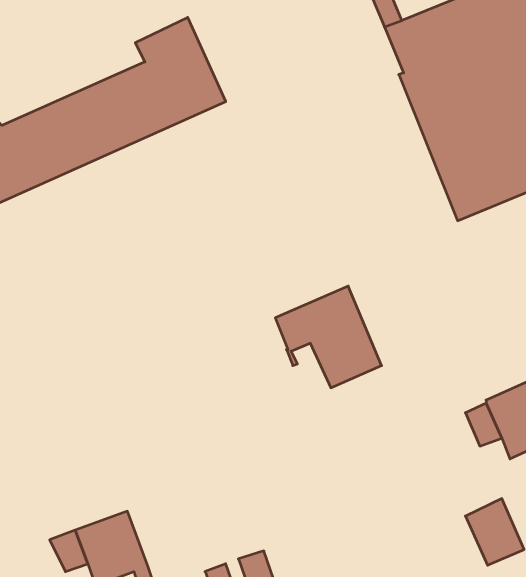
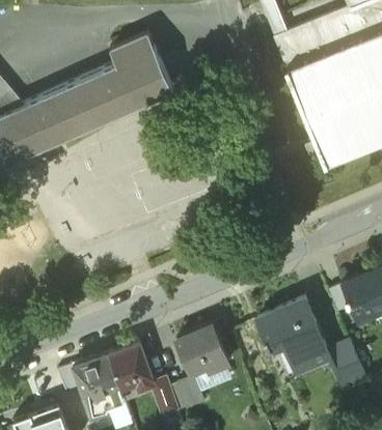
building: [275,286,382,388] -> [258,300,328,367]
building: none -> [179,327,229,376]
building: none -> [108,346,156,394]

